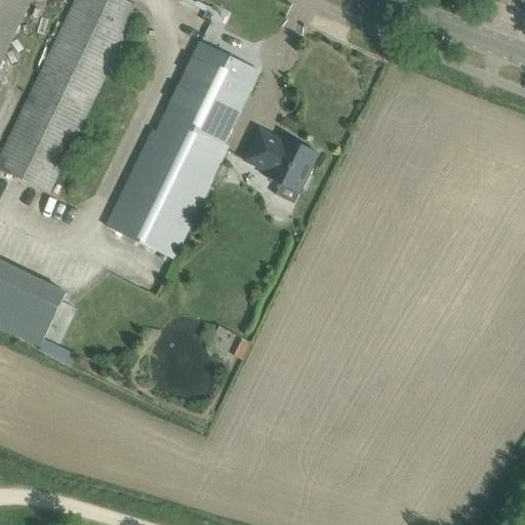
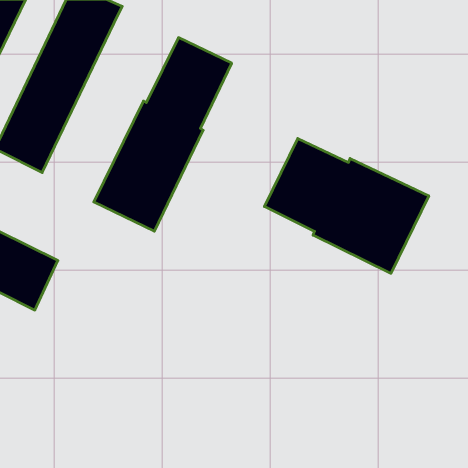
building: [243,128,318,193] -> none
building: none -> [264,138,429,273]

